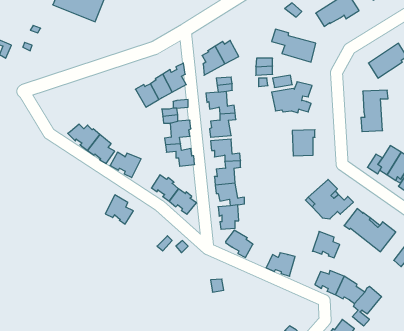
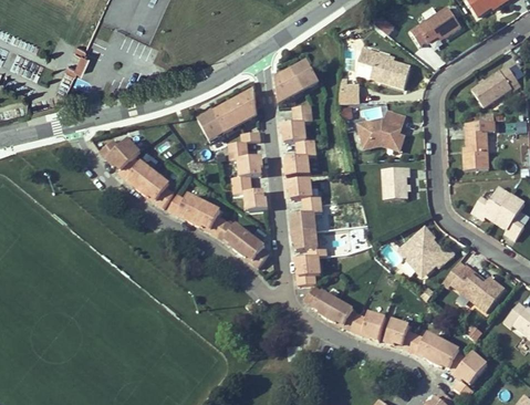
building: none -> [98,138,139,169]
building: [105,195,133,224] -> [193,201,226,236]
building: [312,231,340,258] -> [383,319,415,350]
building: none -> [326,302,358,330]

